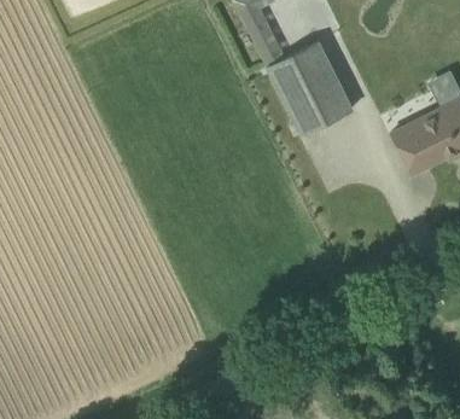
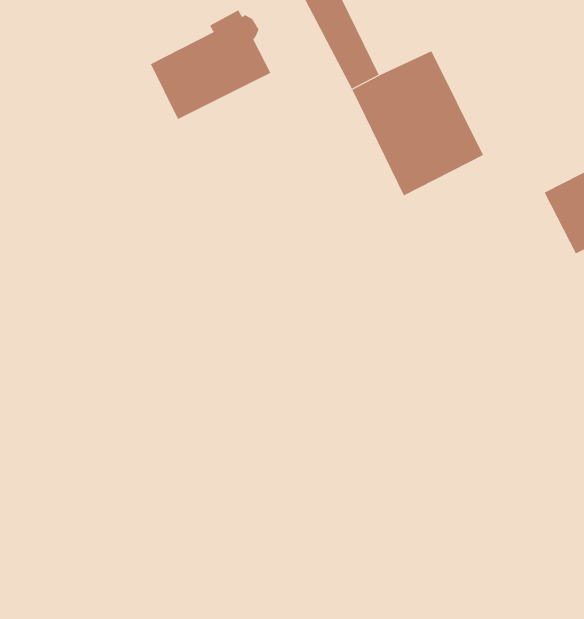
building: none -> [150,9,271,120]

